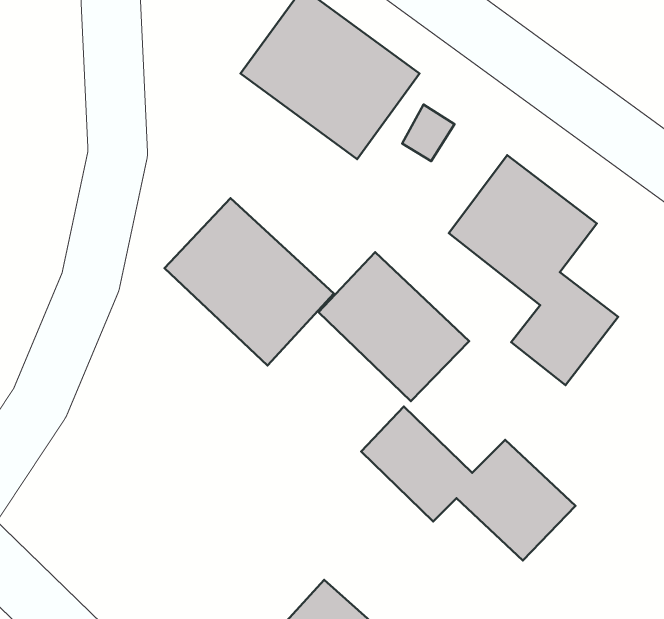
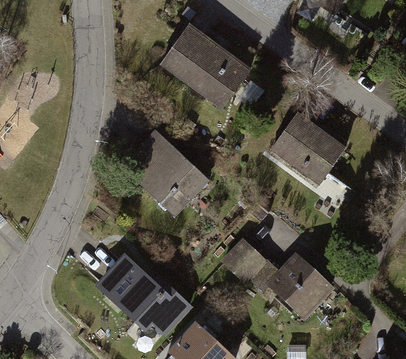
building: [318,252,469,401] -> none
building: none -> [94,253,198,341]

